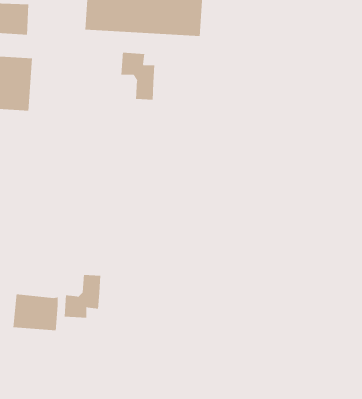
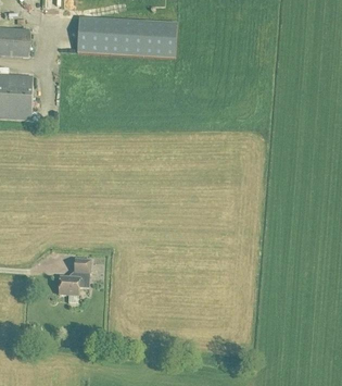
building: [121,52,155,101] -> none
building: [13,294,58,331] -> none

